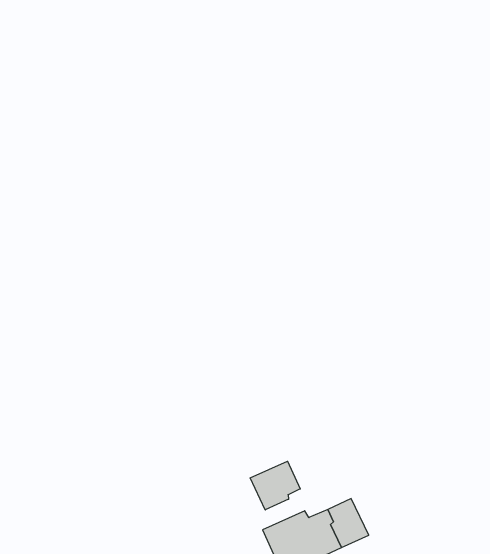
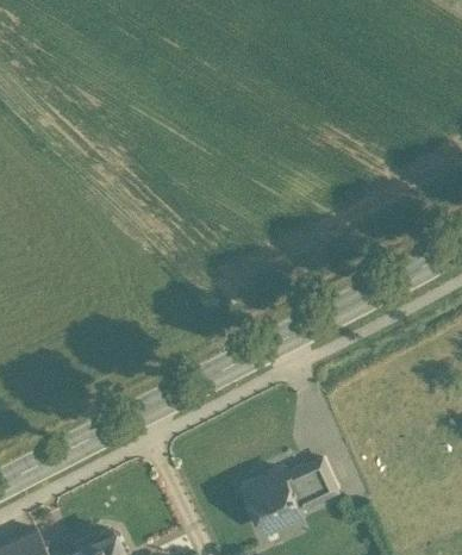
building: [250,461,300,510] -> none

